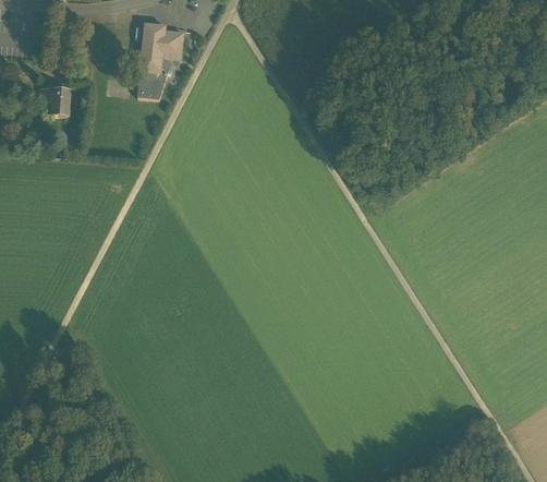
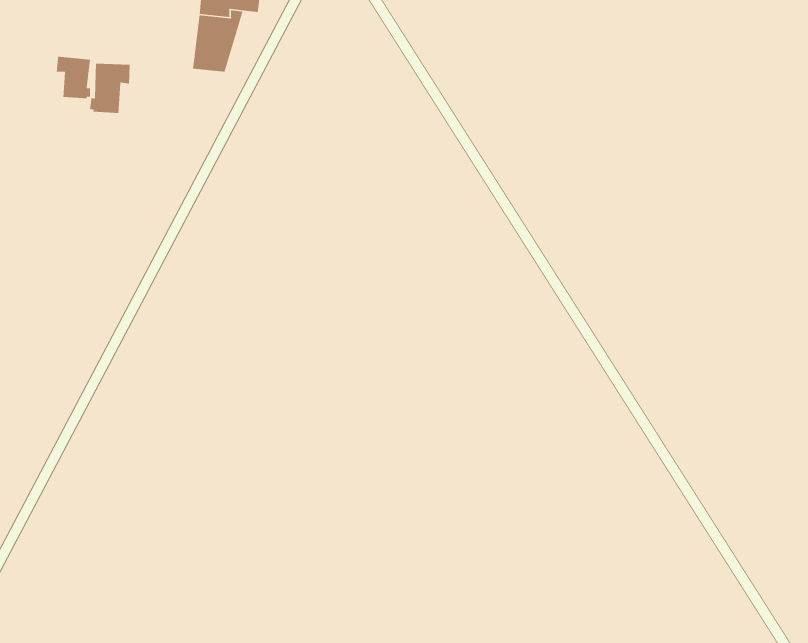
building: none -> [89,63,131,114]

